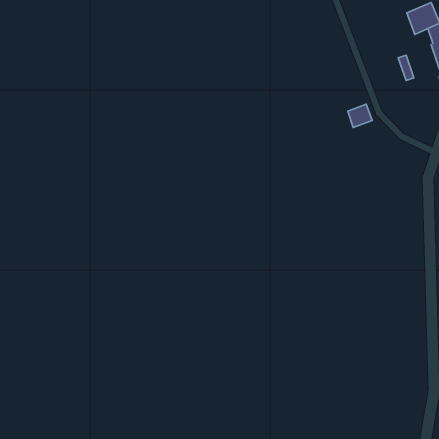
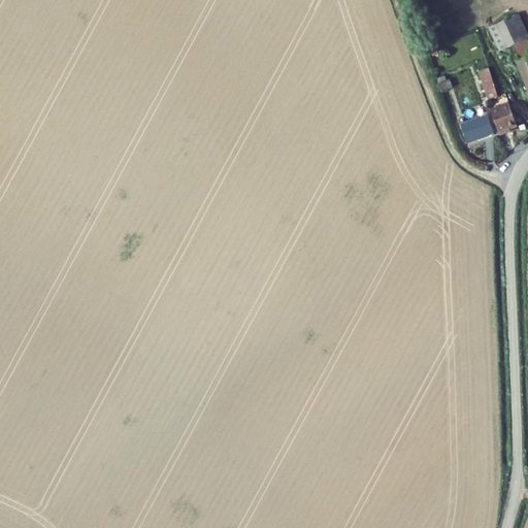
building: none -> [491,102,518,134]
building: [348,104,372,128] -> [465,113,494,141]

